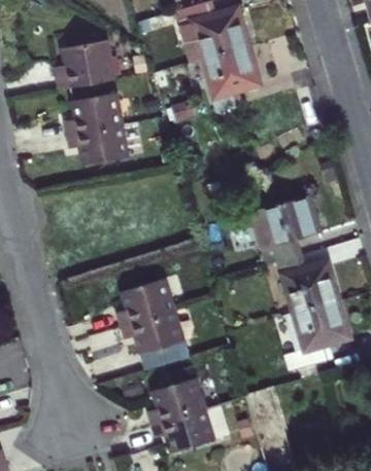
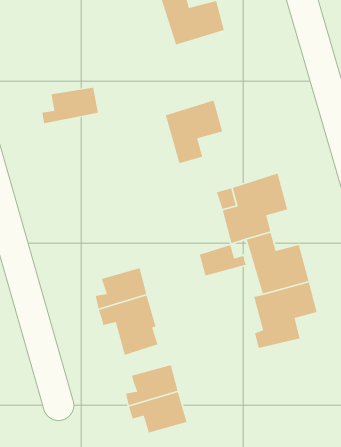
building: [200,41,260,107] -> [165,100,223,164]
building: [55,42,113,90] -> none
building: [65,125,127,166] -> none
building: none -> [199,244,247,276]

